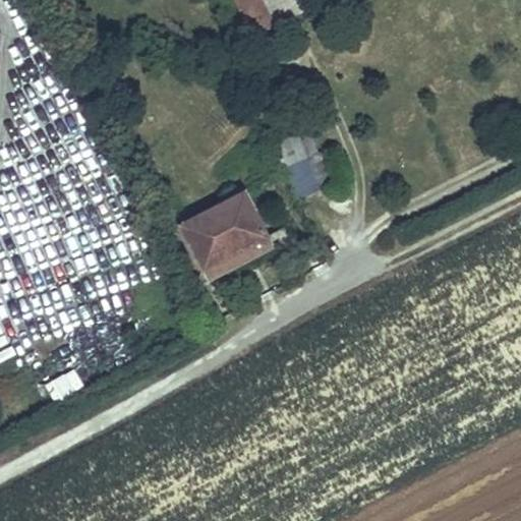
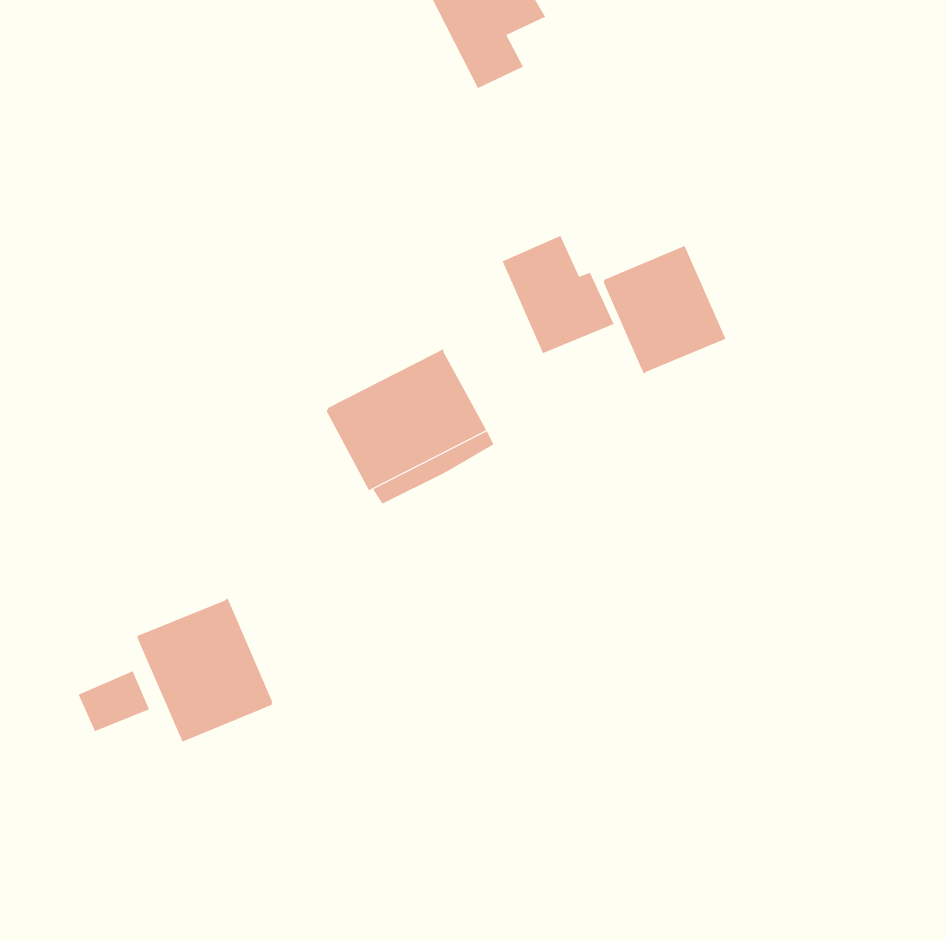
building: none -> [603,245,726,375]
building: none -> [137,597,273,742]

